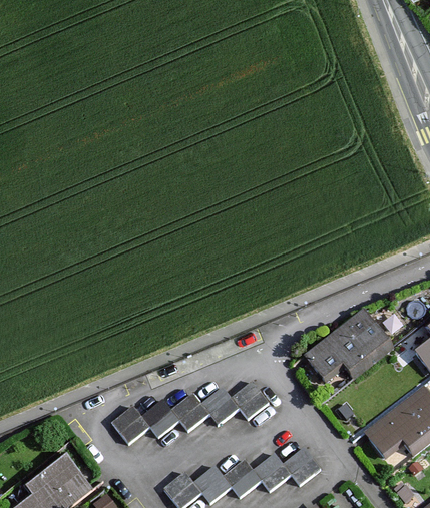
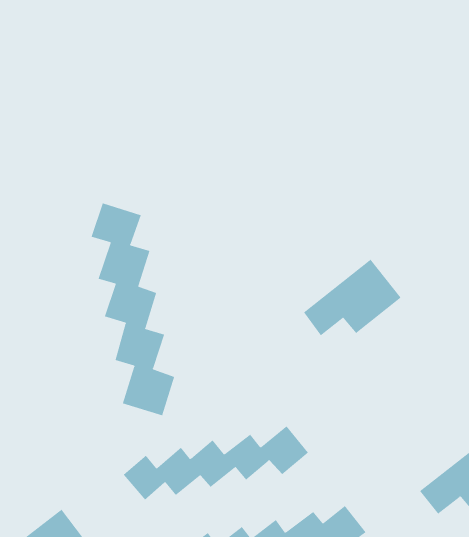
building: none -> [91,202,175,416]
building: [308,314,392,380] -> [303,259,401,336]

